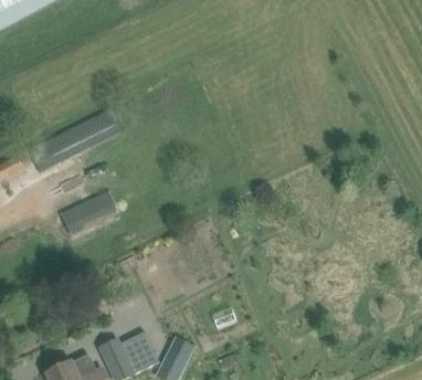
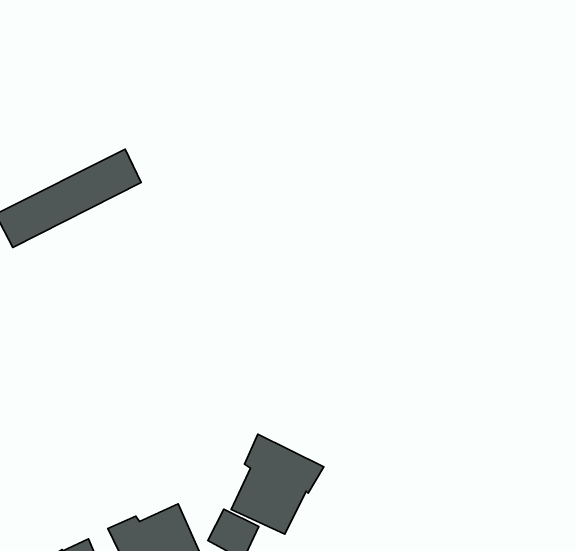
building: [57,189,115,233] -> none
building: none -> [231,434,324,534]

